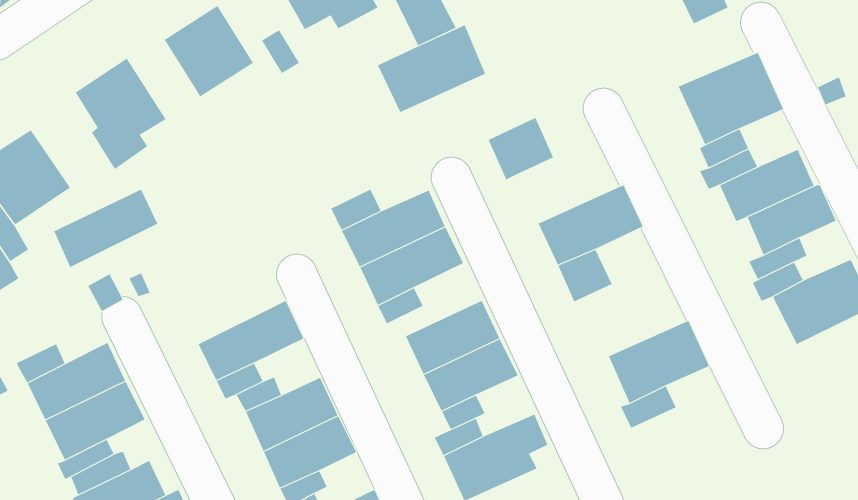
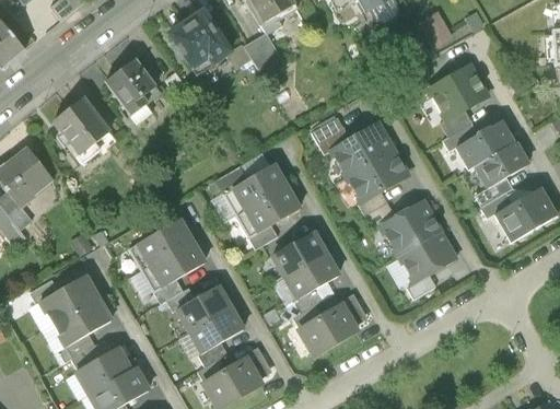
building: [377,25,486,113] -> [329,120,397,178]
building: [53,189,158,268] -> [129,218,194,270]
building: none -> [378,199,444,257]

